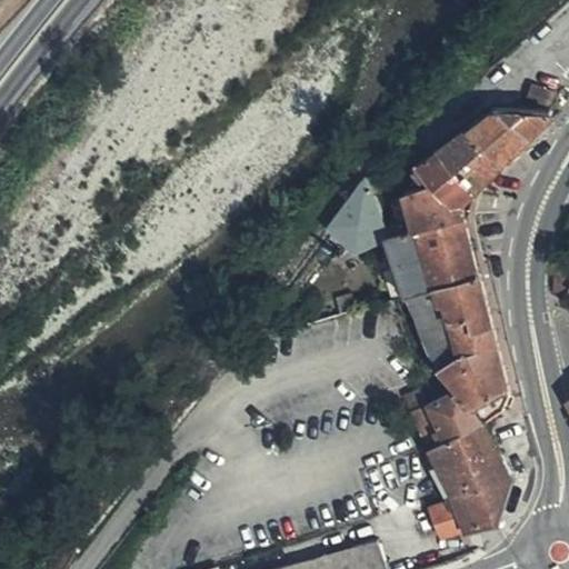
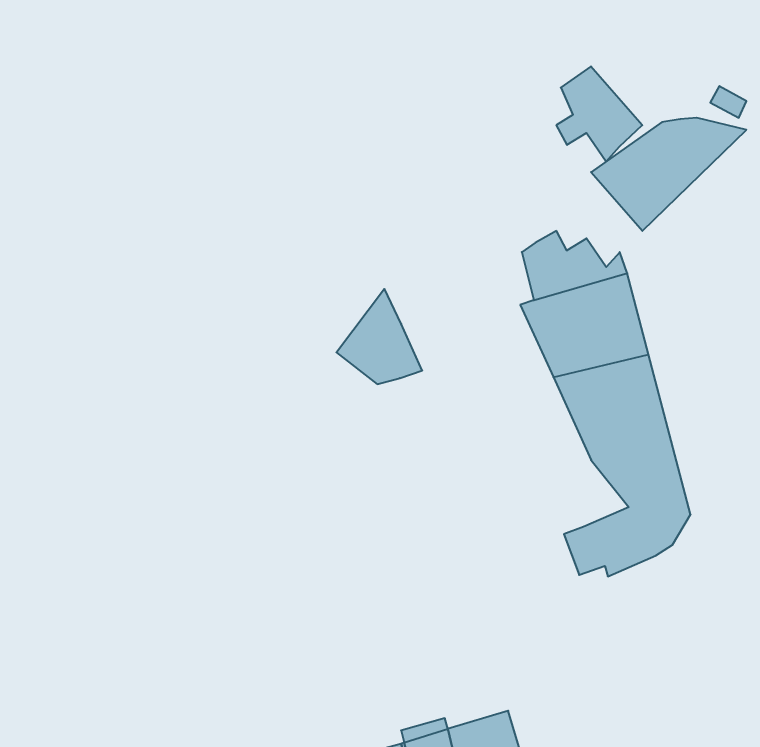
building: [410,144,473,214] -> [556,66,642,162]
building: [320,182,383,252] -> [336,289,422,384]
building: [430,427,510,539] -> none

